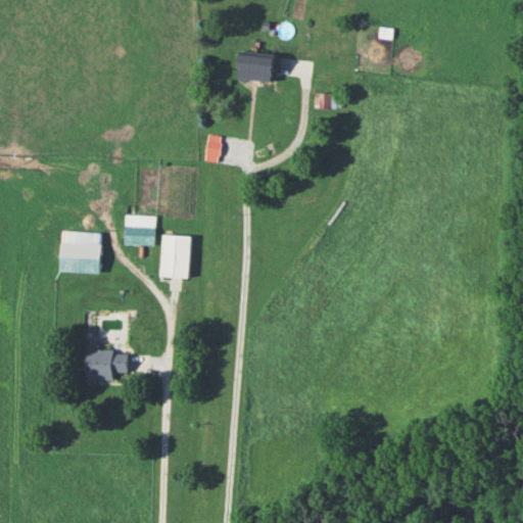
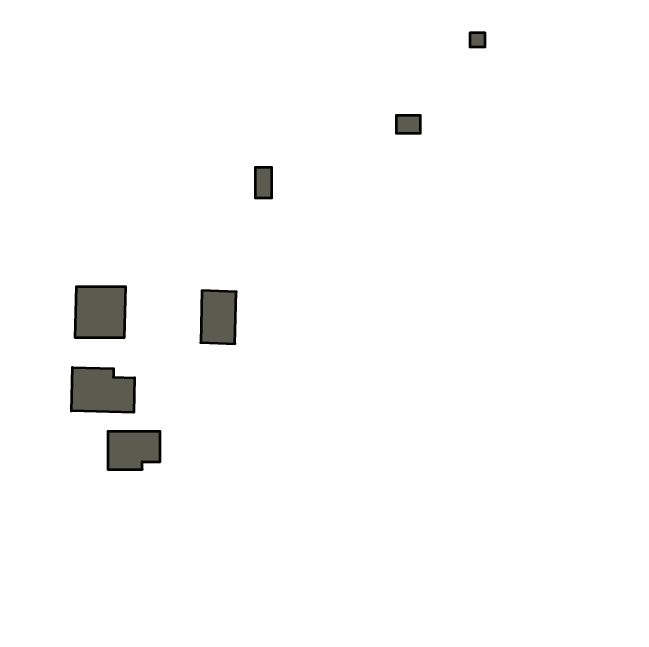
building: [237,52,275,83] -> none
building: [125,216,154,245] -> none
building: none -> [71,367,135,412]

